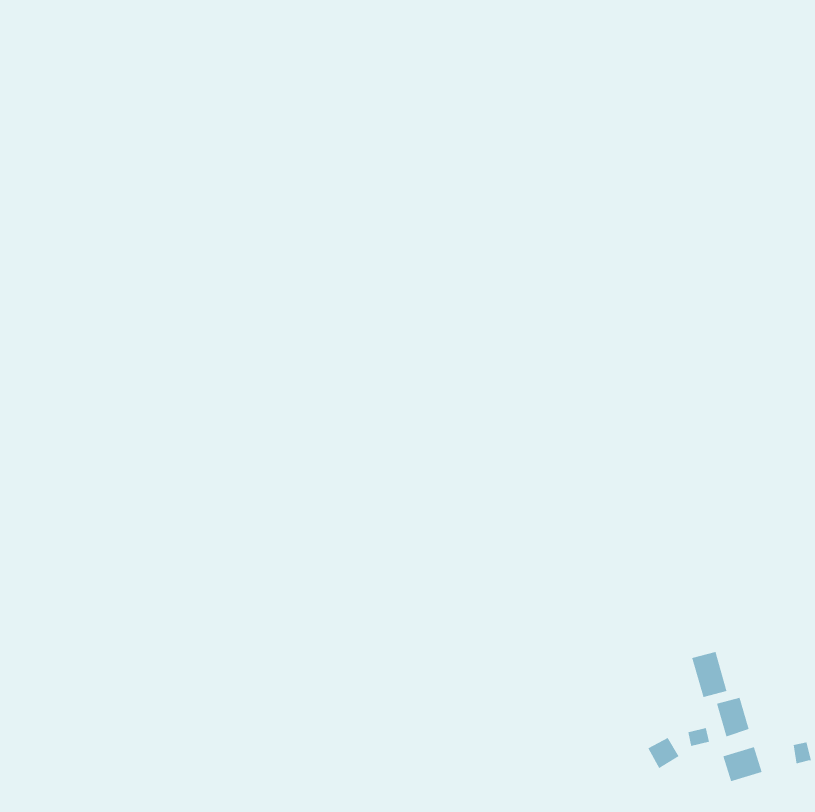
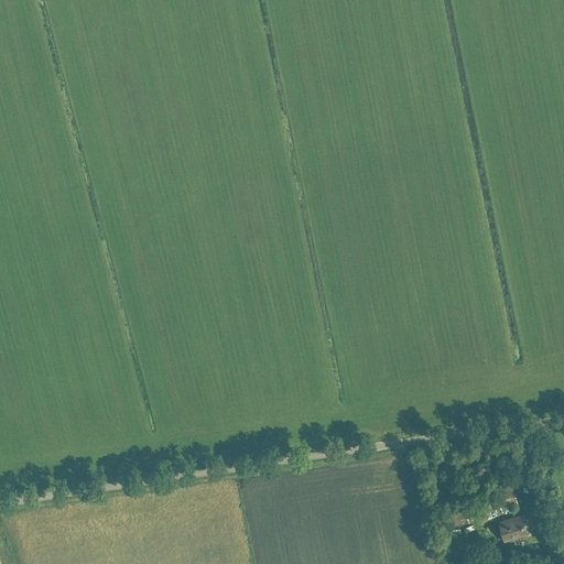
building: [692,651,727,698] -> none

